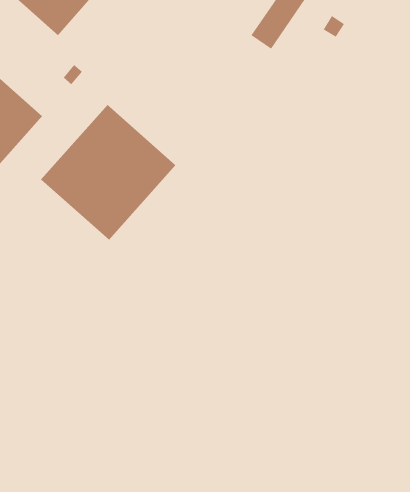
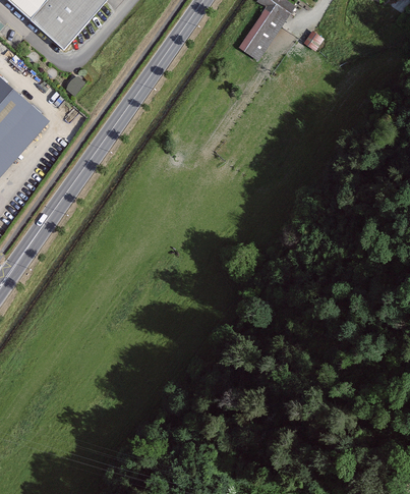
building: [40,104,176,241] -> none

